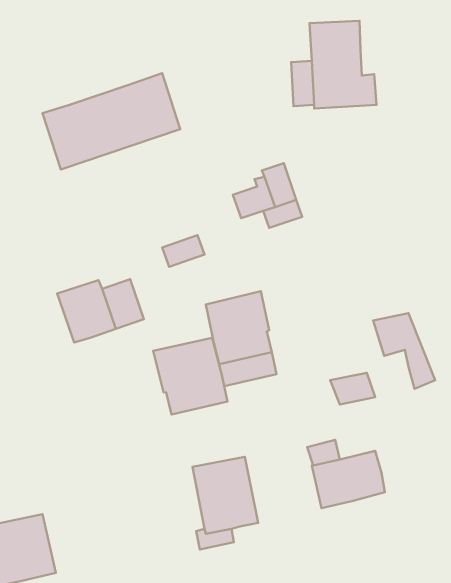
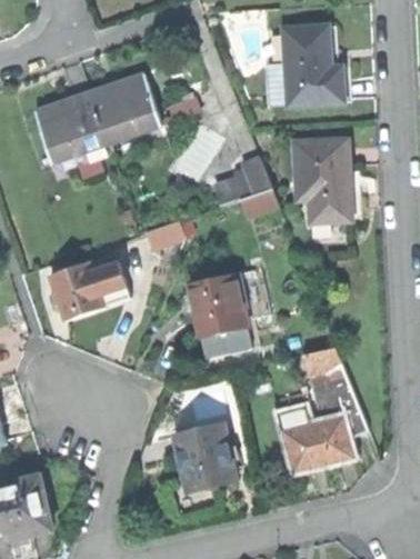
building: none -> [294,140,350,221]
building: [373,313,435,389] -> [310,369,367,438]
building: [153,338,227,415] -> none

